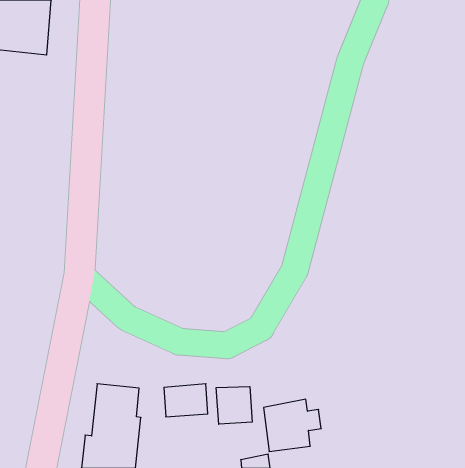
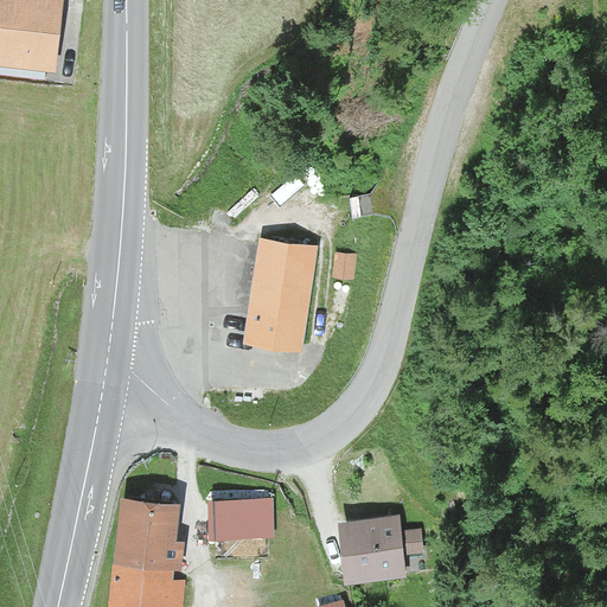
building: none -> [244,237,313,350]
building: [216,387,252,424] -> none

